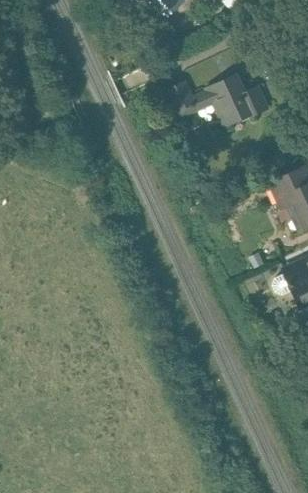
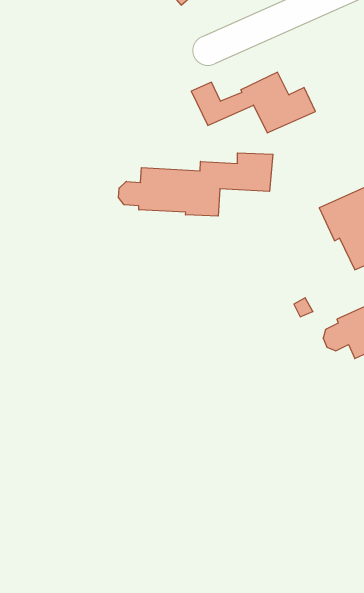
building: none -> [119,153,273,216]

